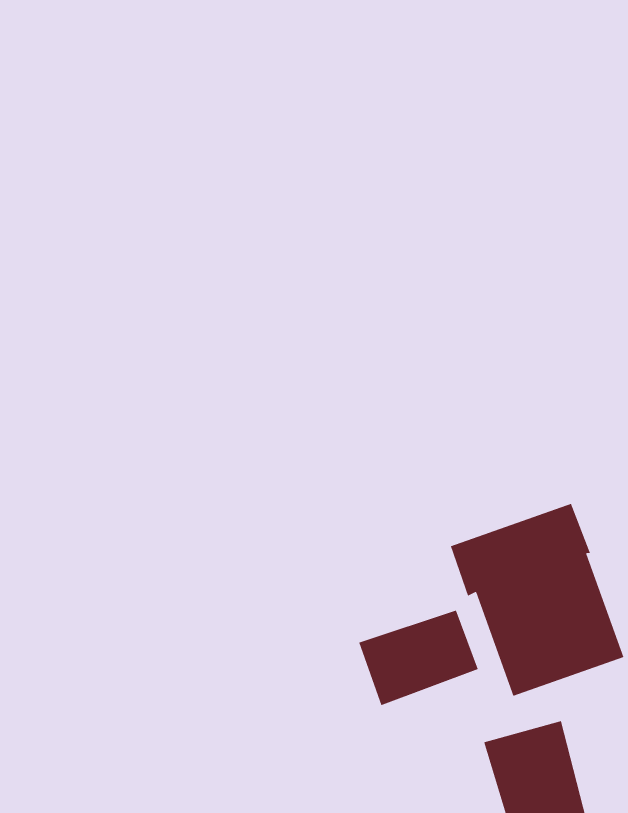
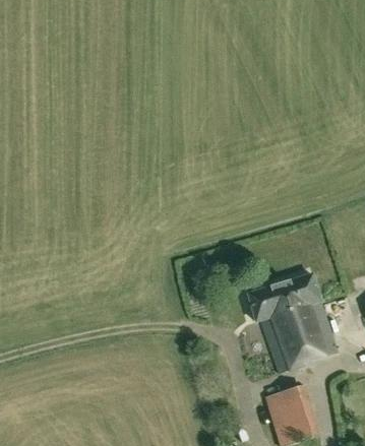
building: [358,609,479,706] -> none

